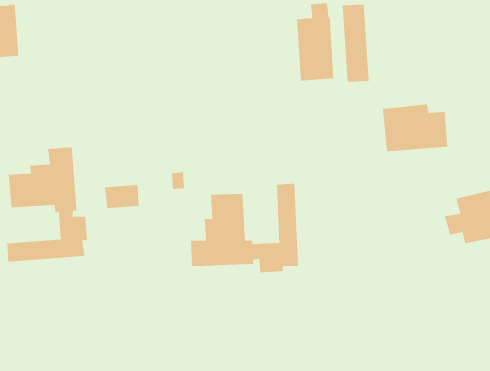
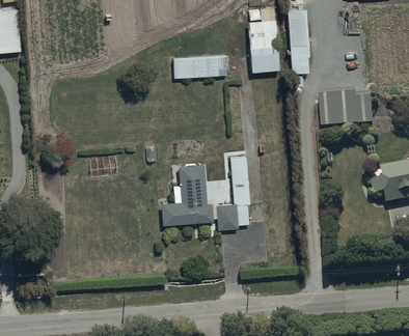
building: none -> [173,54,228,78]
building: [7,147,88,262] -> none

